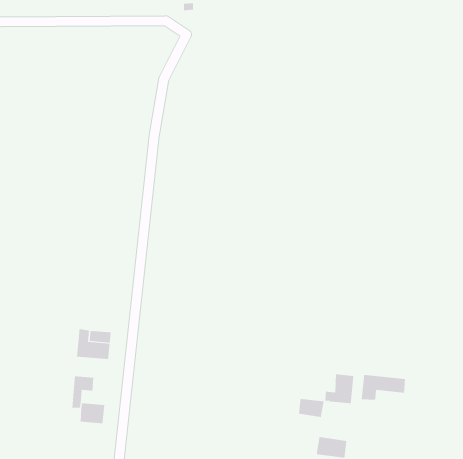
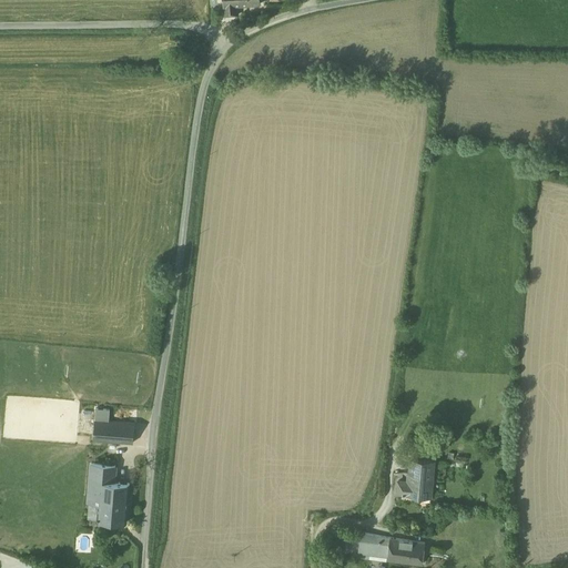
building: [361,374,406,401] -> none
building: none -> [100,483,130,500]
building: [298,398,324,417] -> [358,536,390,559]

